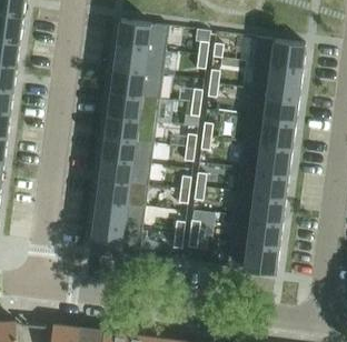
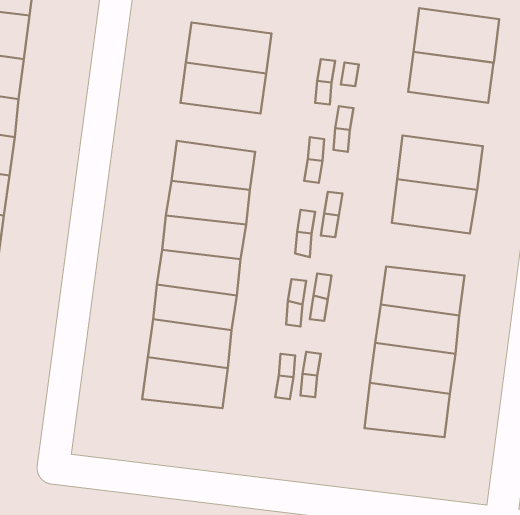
building: [250,61,303,94] -> [414,8,499,63]
building: [112,68,163,98] -> none
building: [240,141,291,173] -> none

